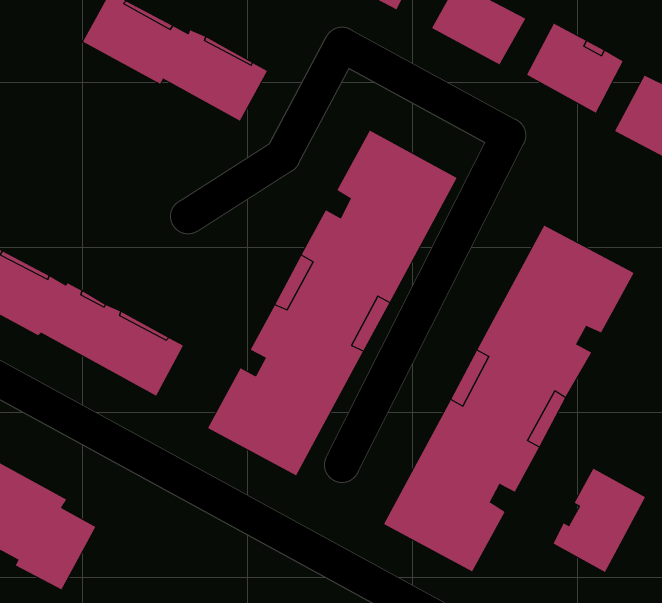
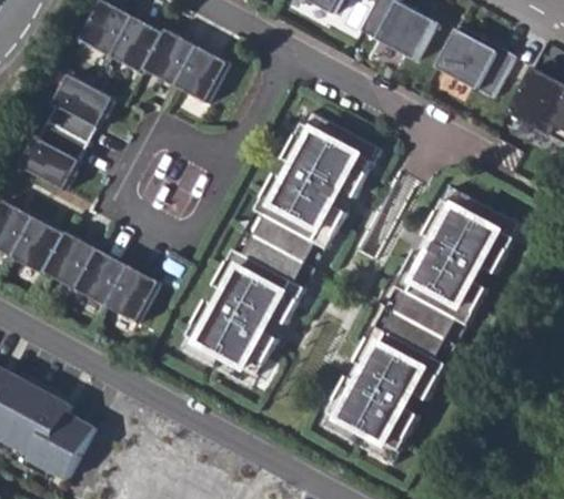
building: none -> [19,74,113,191]
building: [553,468,646,573] -> none

